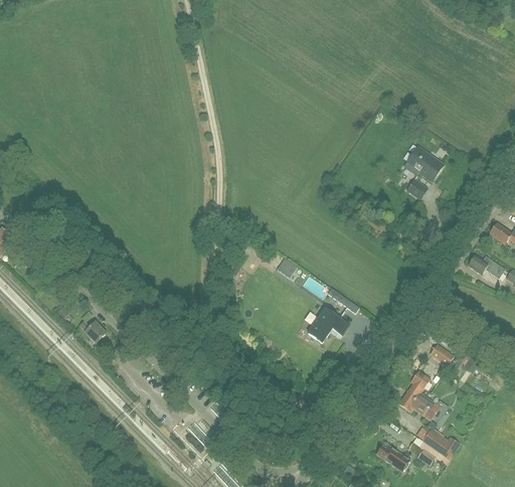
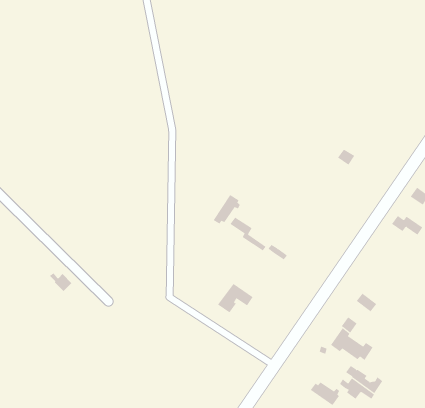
building: [406,145,443,180] -> none
building: none -> [213,194,241,224]
building: [307,307,348,341] -> [217,283,254,313]

